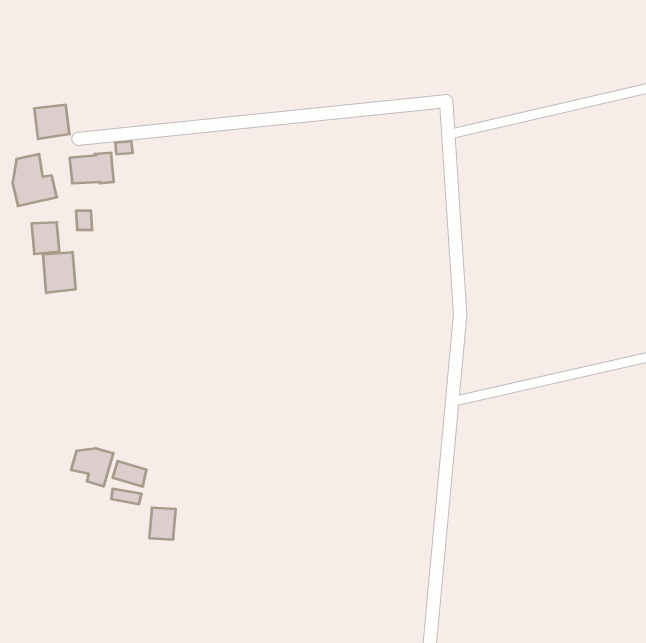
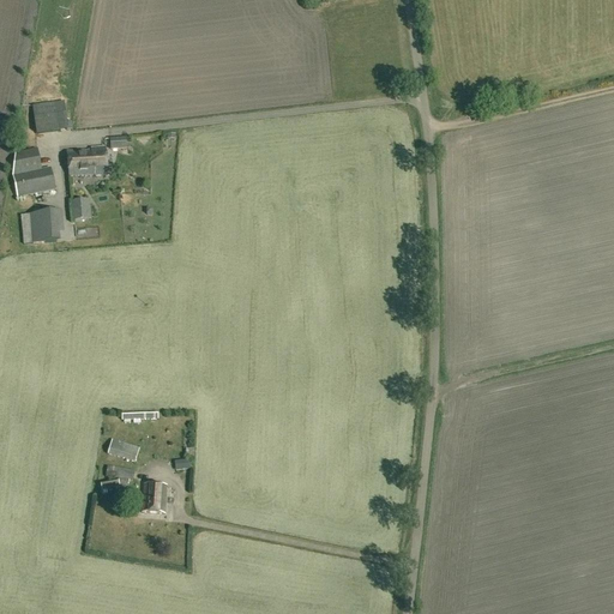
building: [43,252,75,293] -> none
building: [71,448,113,486] -> none

